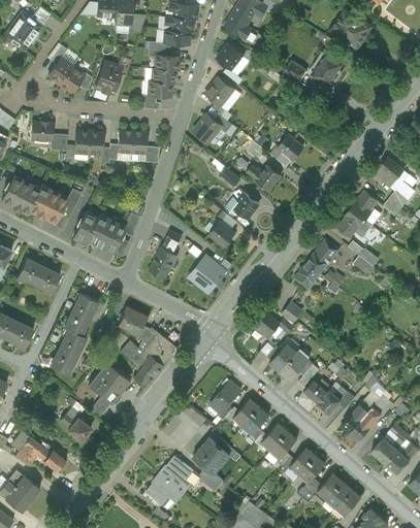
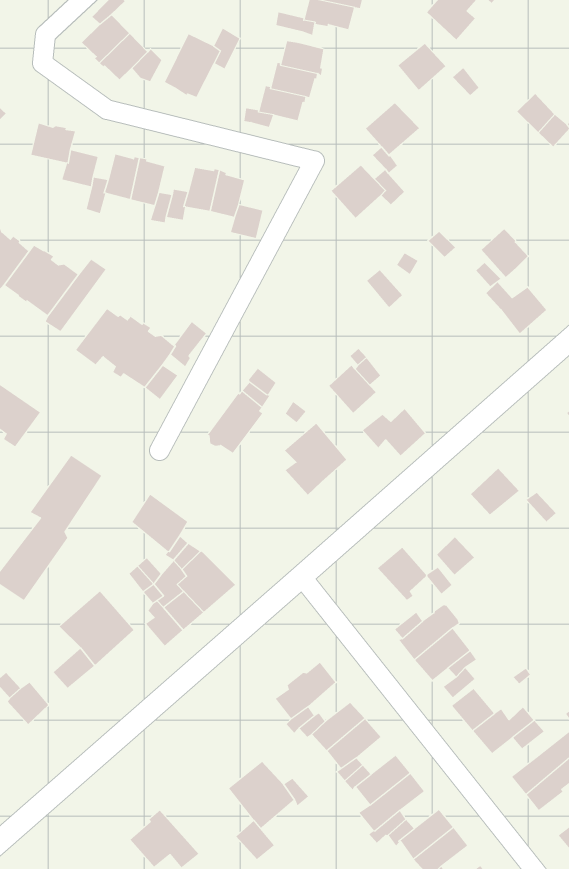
building: [247,166,281,192] -> [486,282,547,334]
building: [224,193,258,219] -> [362,408,426,456]
building: [306,239,337,272] -> none
building: [159,457,200,493] -> none

